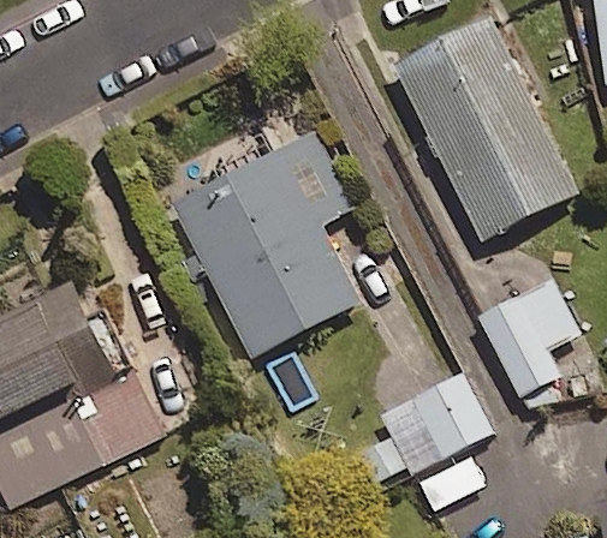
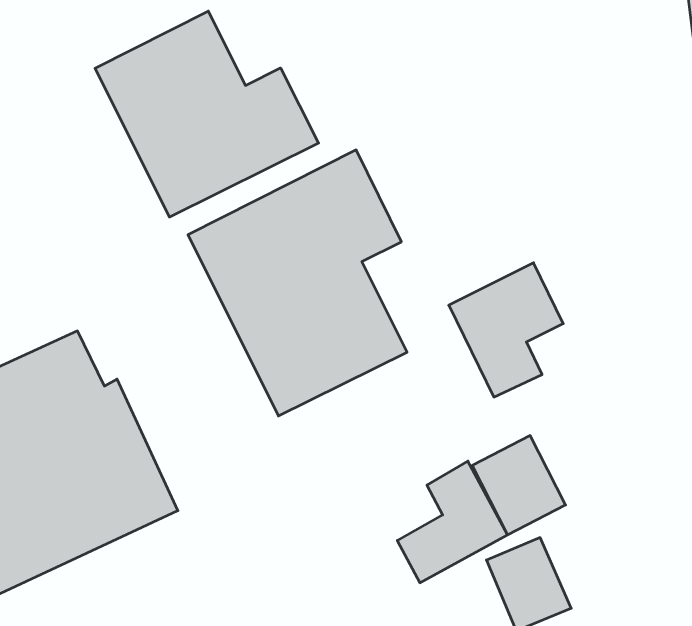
building: none -> [95,11,319,217]
building: [398,19,576,238] -> none
building: [480,282,577,396] -> [449,263,563,397]

